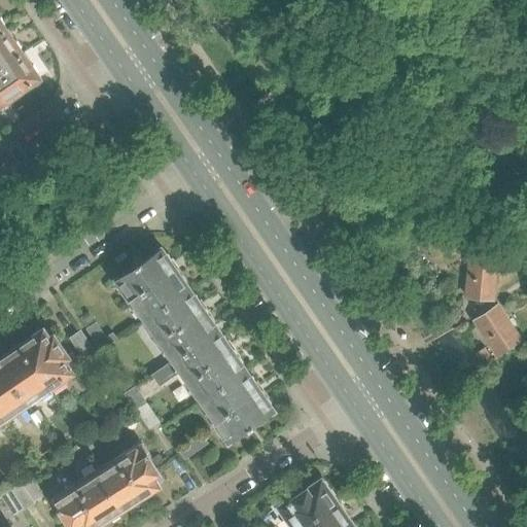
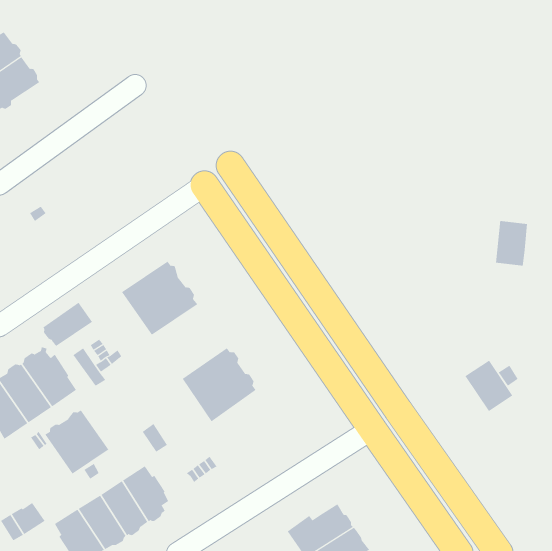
building: [465,258,496,302] -> [495,221,528,266]
building: none -> [43,302,93,347]
building: [144,291,216,362] -> none
building: [473,308,520,357] -> [465,360,513,412]
building: [201,373,273,444] -> none
building: none -> [44,410,109,474]

